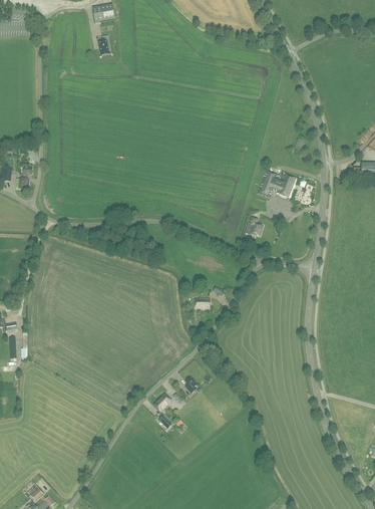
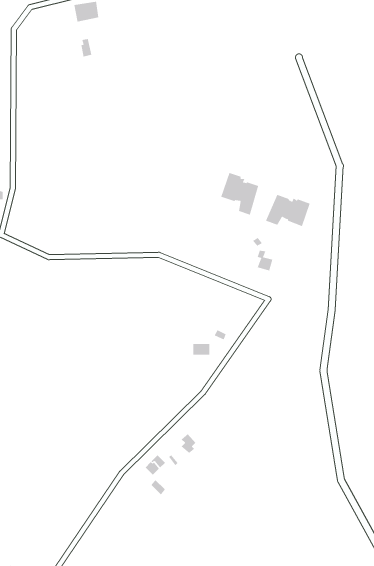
building: none -> [220,172,259,216]

